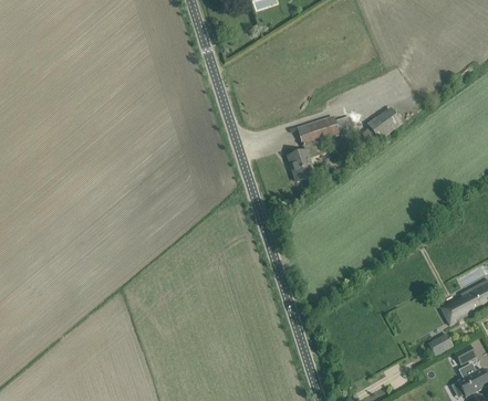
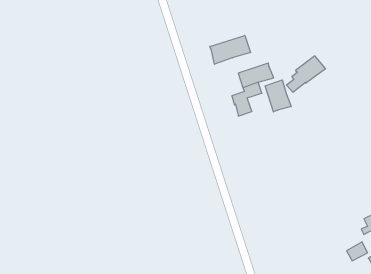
building: none -> [210,35,250,64]
building: none -> [265,80,291,112]

